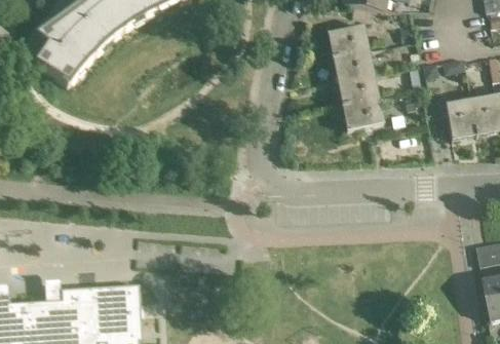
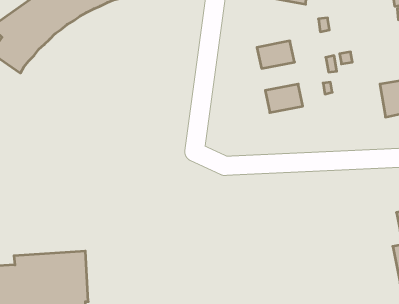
building: [325,24,368,55] -> none
building: [336,72,377,104] -> none
building: [444,97,474,138] -> none

